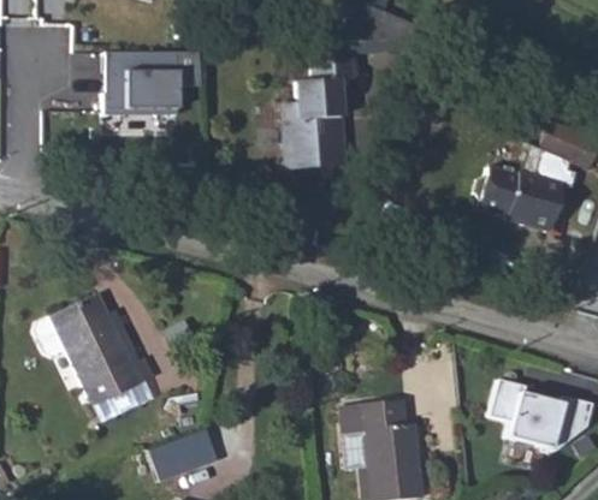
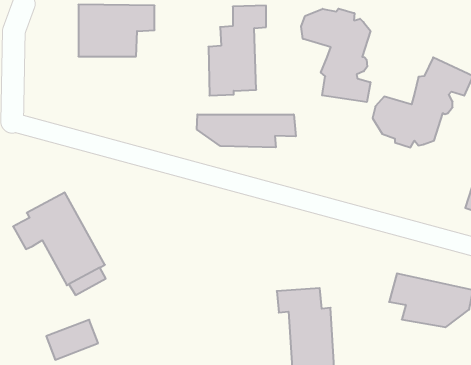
building: none -> [301,9,370,102]
building: none -> [197,114,296,147]
building: [154,430,218,480] -> [46,320,98,360]

